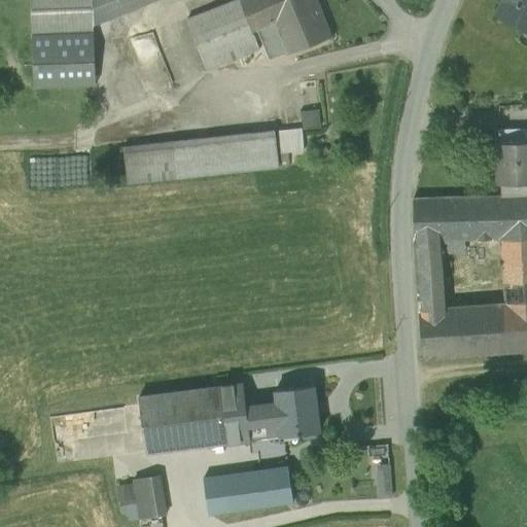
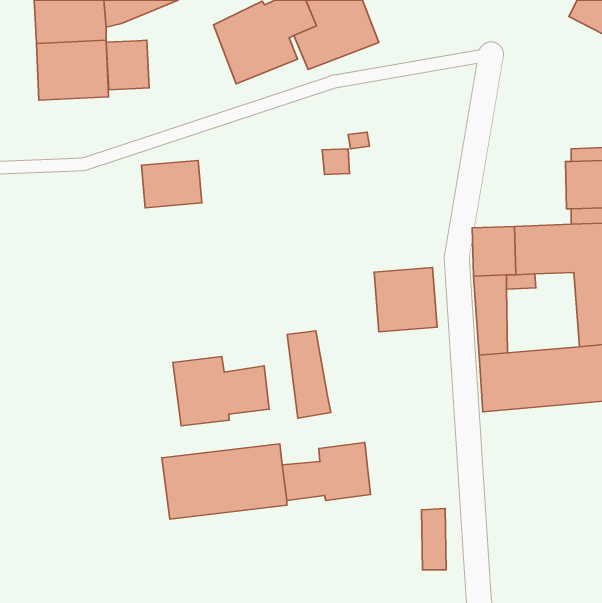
building: none -> [106,40,149,90]
building: [174,131,281,177] -> none
building: none -> [374,268,437,332]
building: none -> [287,331,331,418]
building: none -> [173,357,269,426]
building: [207,466,294,515] -> none
building: [116,473,168,522] -> none

